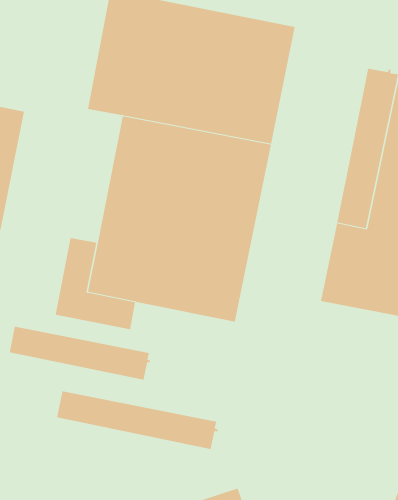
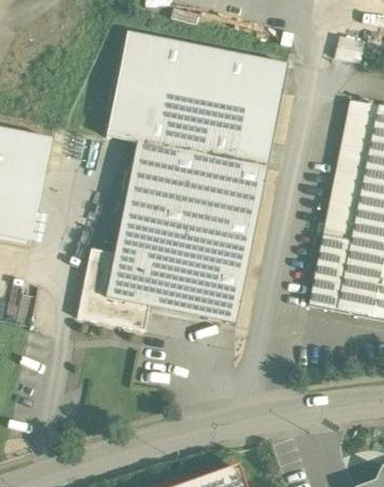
building: [9,326,151,381] -> none
building: [57,390,219,450] -> none

